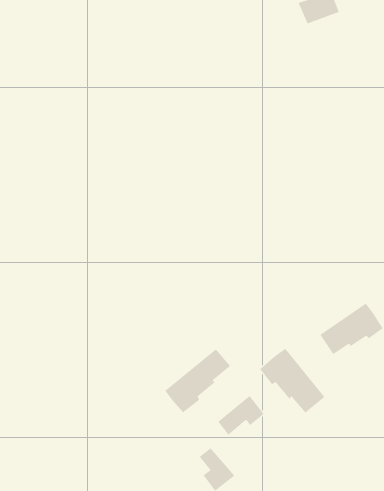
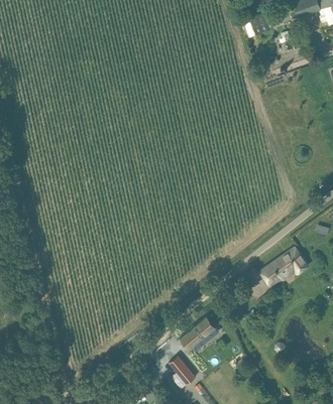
building: [260,348,325,414] -> none
building: [164,348,231,413] -> none

